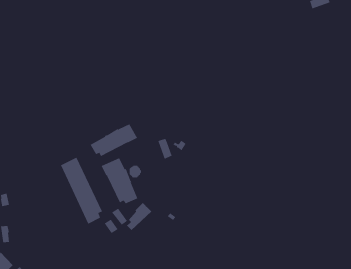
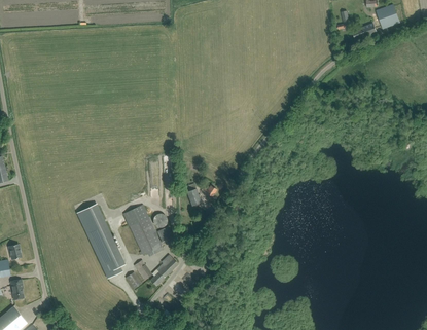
building: [90,123,138,157] -> none

